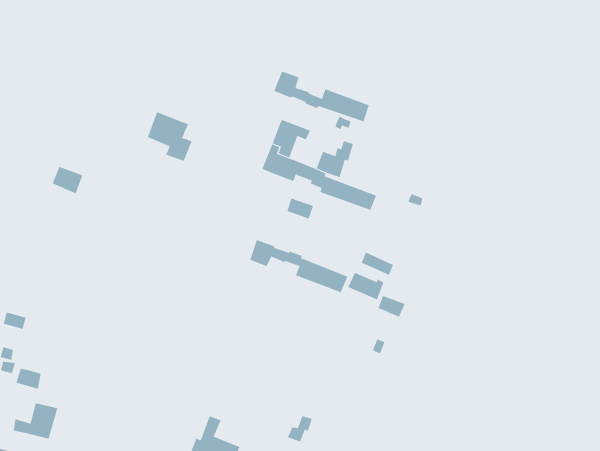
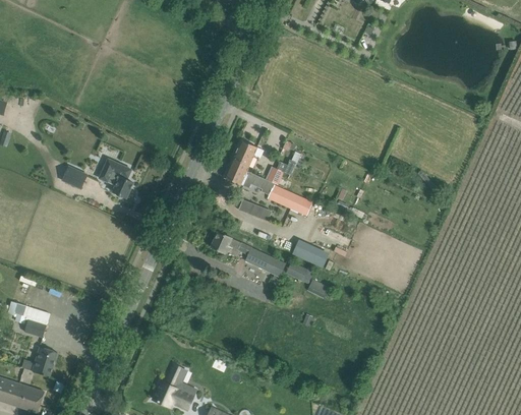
building: [273,71,370,122] -> none
building: [147,112,192,162] -> [99,158,133,197]

